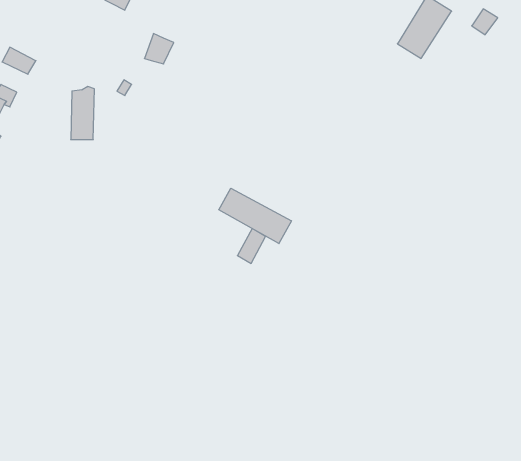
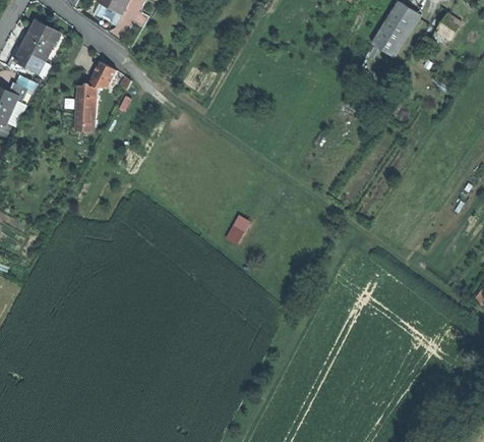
building: none -> [20,19,58,60]
building: [144,34,174,64] -> [90,61,117,89]
building: [219,188,291,244] -> none

